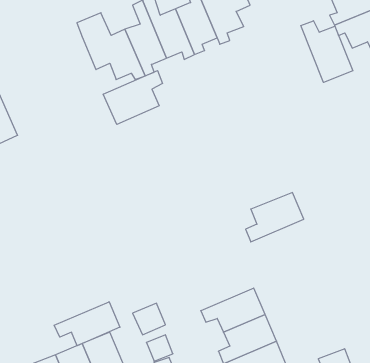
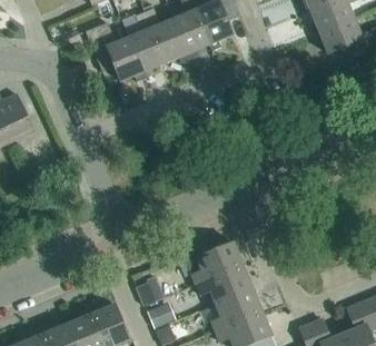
building: [301,21,353,82] -> none
building: [103,71,163,124] -> none
building: [246,193,304,242] -> [191,241,243,285]
building: [54,302,120,346] -> none

